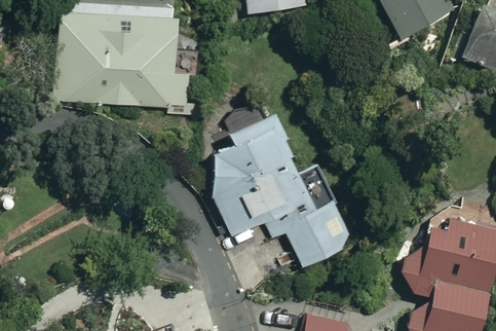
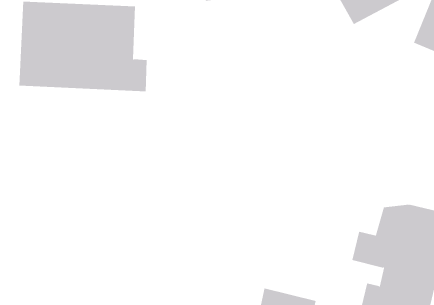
building: [212,114,351,266] -> none

